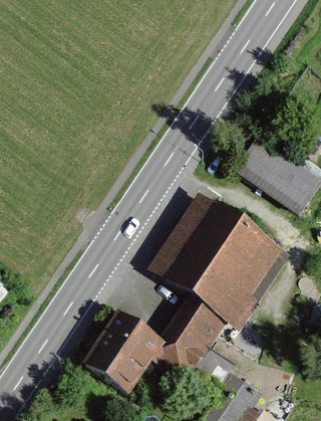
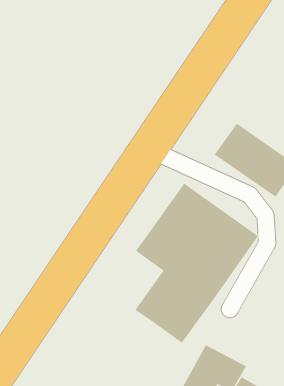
building: [82,311,166,395] -> none

